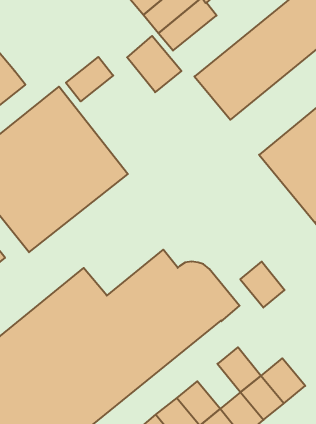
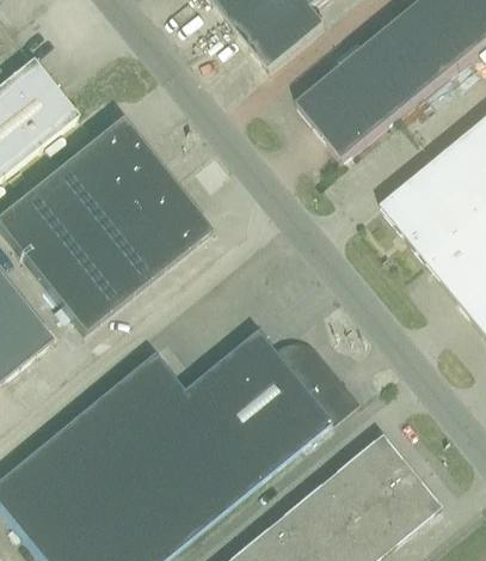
building: [127,36,181,92] -> none
building: [66,57,113,101] -> none
building: [240,262,285,308] -> [353,433,411,493]
building: none -> [301,477,357,536]

